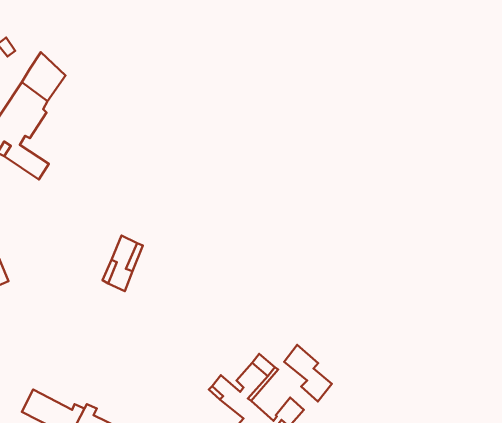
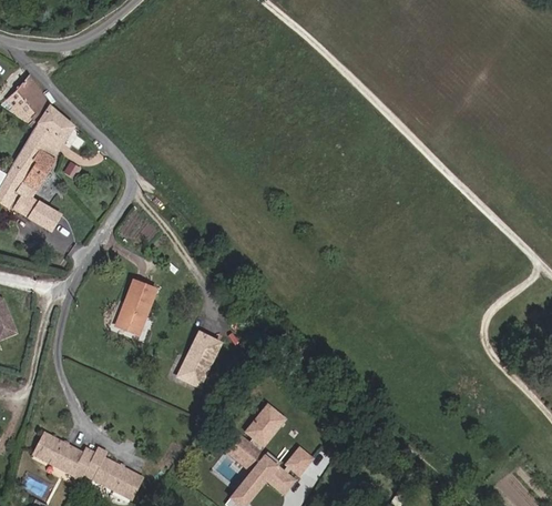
building: none -> [20,70,52,118]
building: none -> [174,336,219,393]
building: [284,345,332,402] -> none

